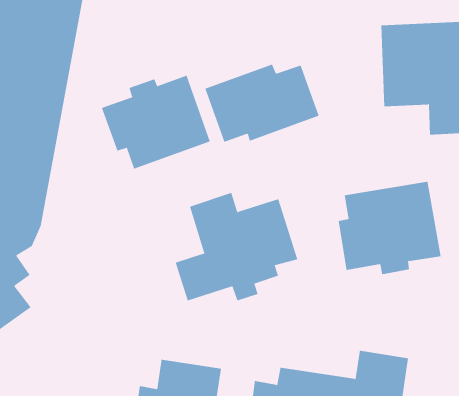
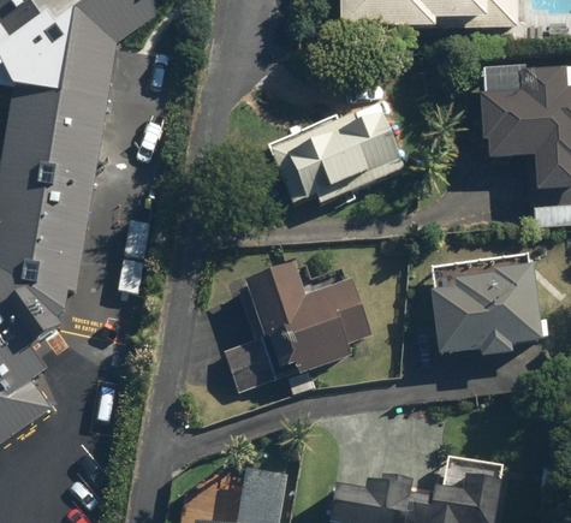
building: [101,75,210,169] -> none

